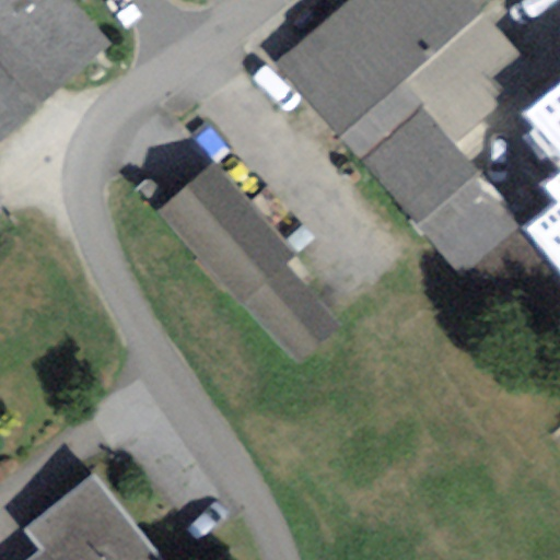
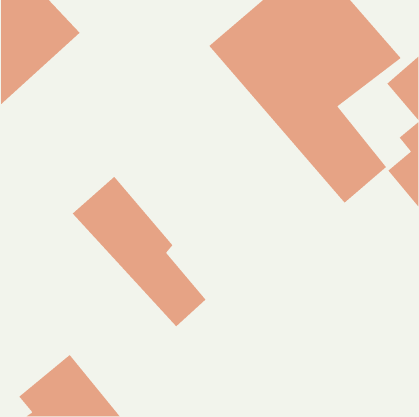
building: [158,161,337,363] -> [72,176,206,327]

